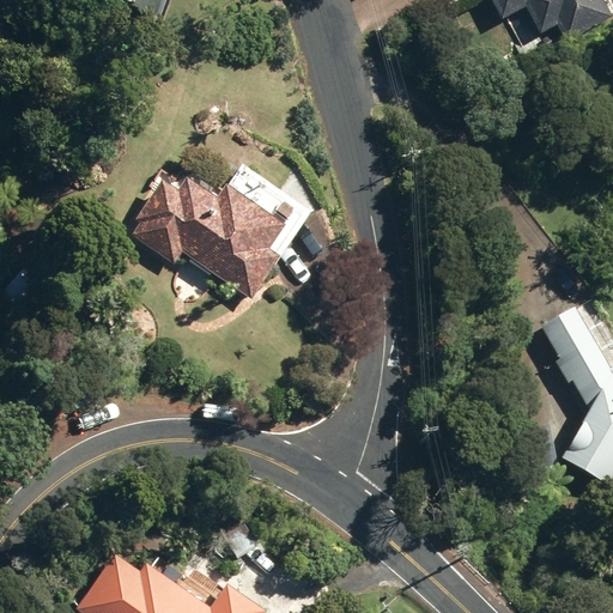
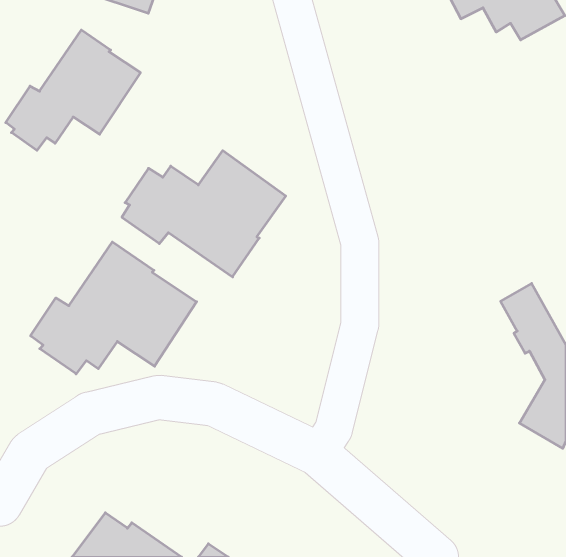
building: none -> [6,30,140,150]
building: none -> [31,242,197,374]

